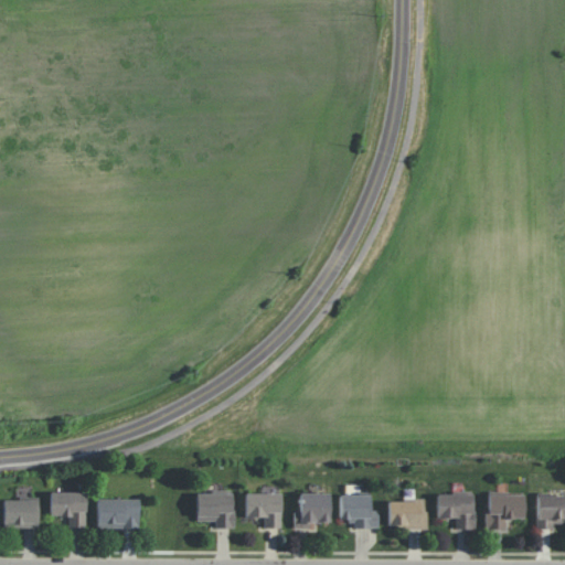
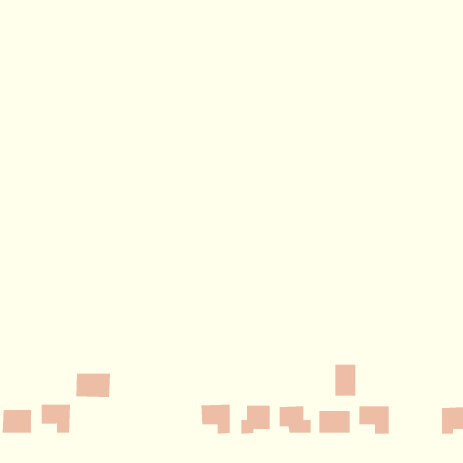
building: none -> [335,364,356,396]
building: [196,493,235,527] -> none
building: [487,494,525,529] -> none
building: [97,499,140,529] -> [75,373,111,398]

